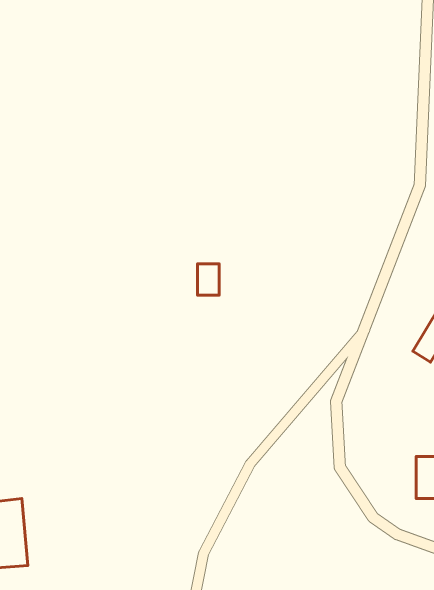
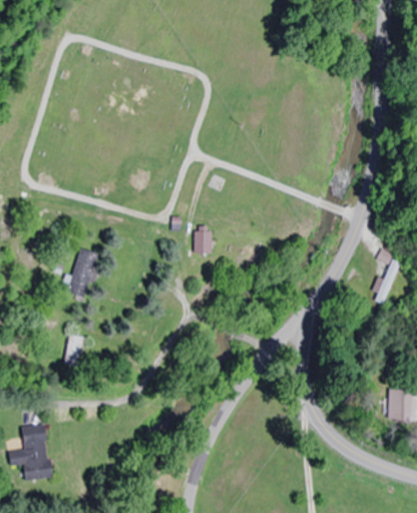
building: none -> [69,247,99,296]
building: none -> [63,333,86,368]

